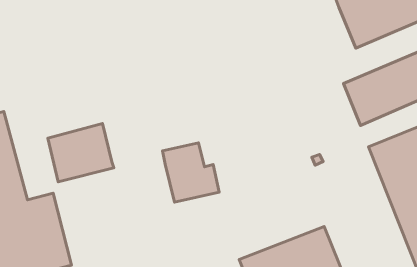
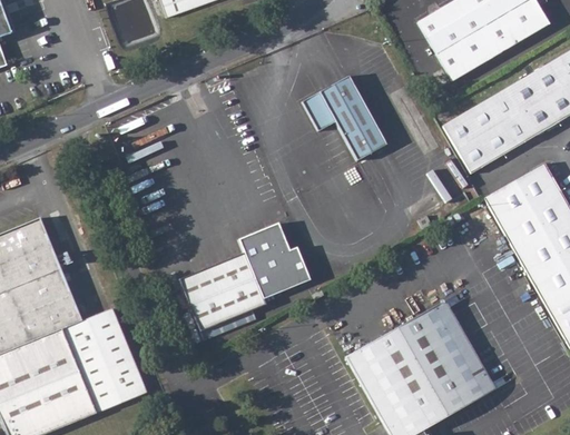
building: none -> [302,77,386,160]
building: [48,124,114,182] -> [178,254,263,332]

